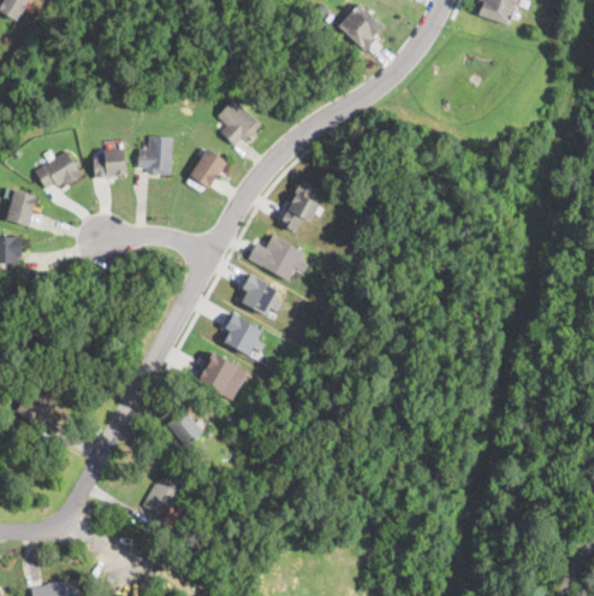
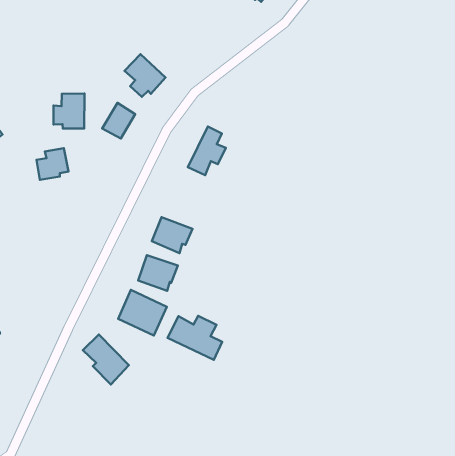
building: [94,148,127,181] -> [36,148,69,180]
building: [249,235,308,281] -> none
building: none -> [168,316,222,360]
building: [143,470,185,519] -> none

